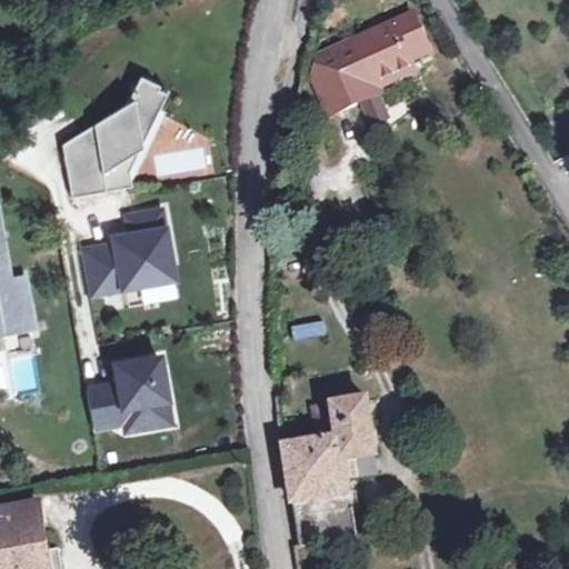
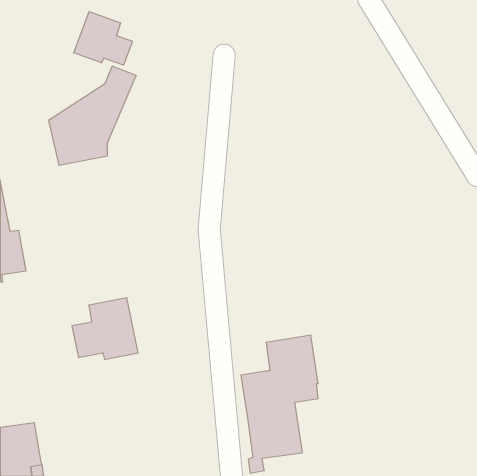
building: none -> [74,11,132,65]
building: [317,14,430,112] -> none
building: [84,208,166,291] -> none

